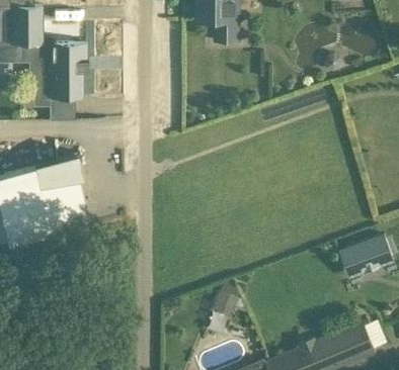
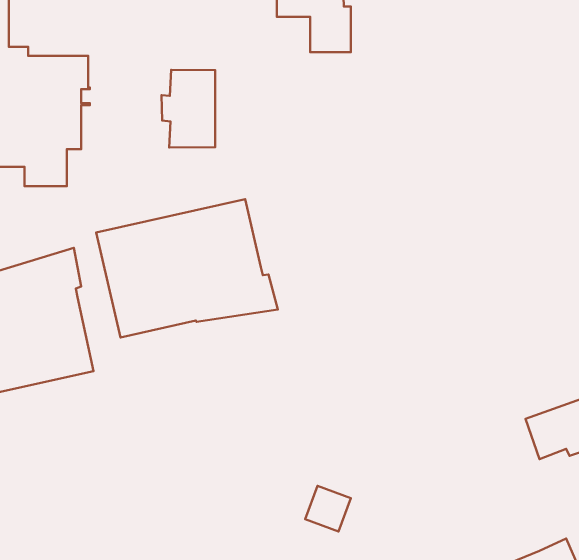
building: none -> [161,70,215,147]
building: none -> [96,199,278,337]

